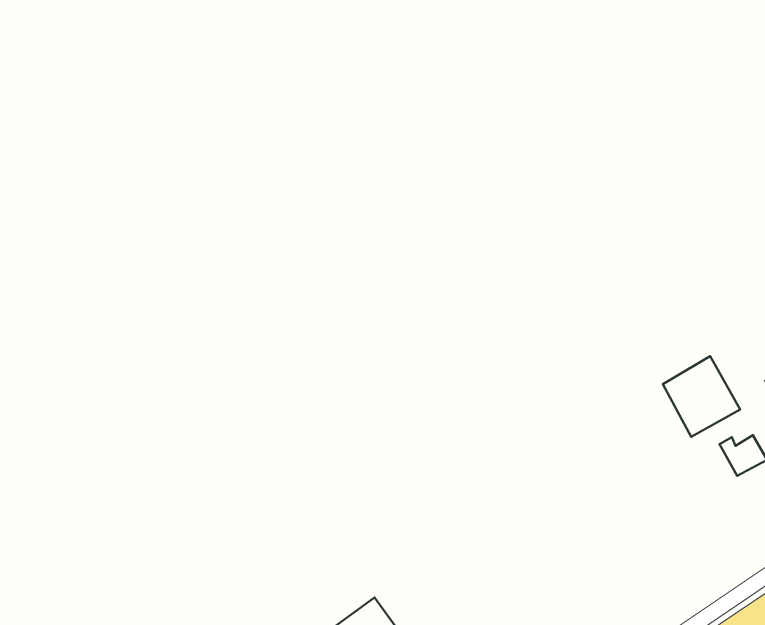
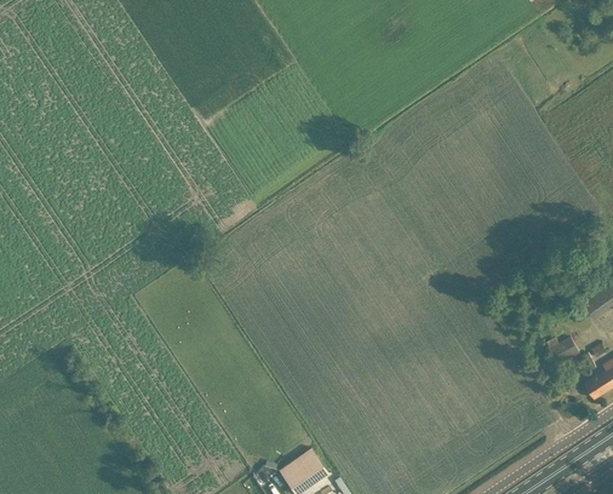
building: [663,356,740,437] -> none

